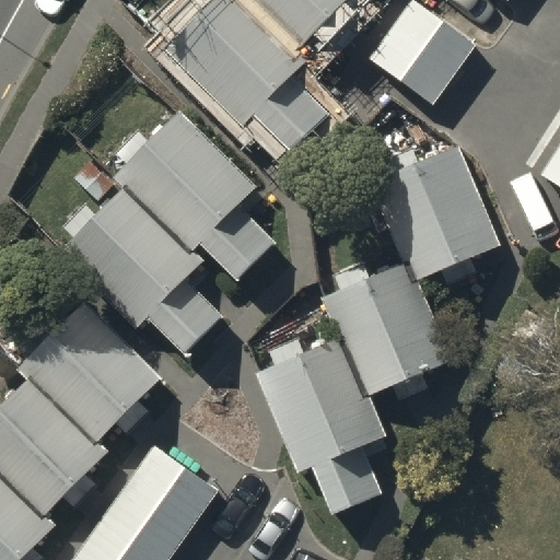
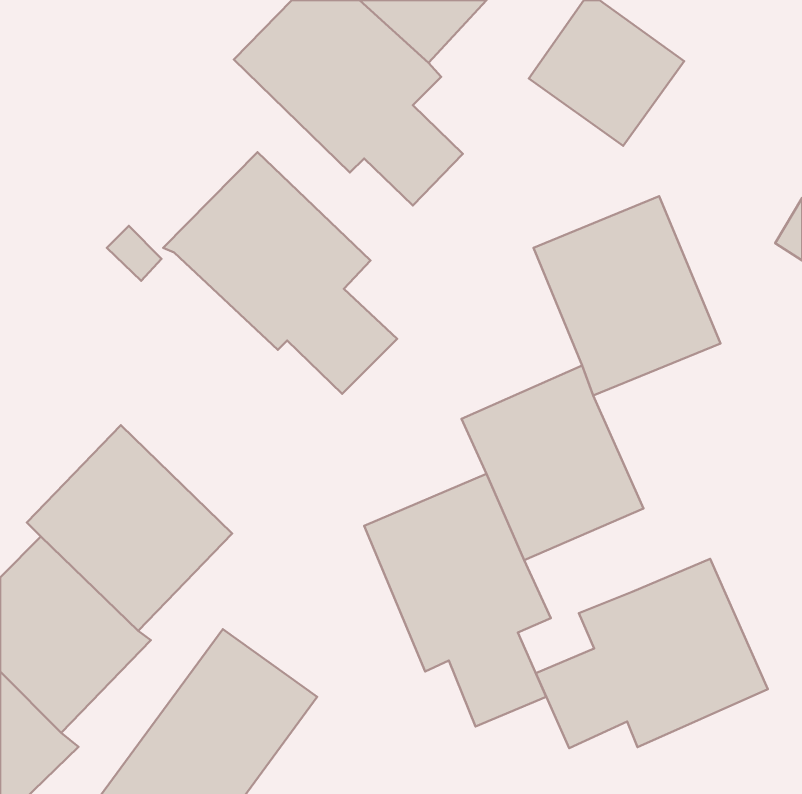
building: [58,182,226,355] -> none
building: none -> [536,559,768,748]

